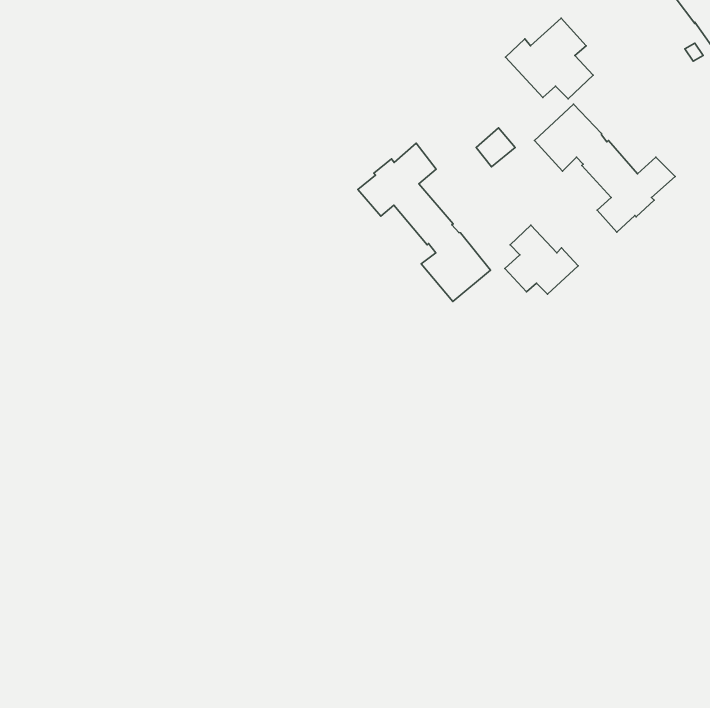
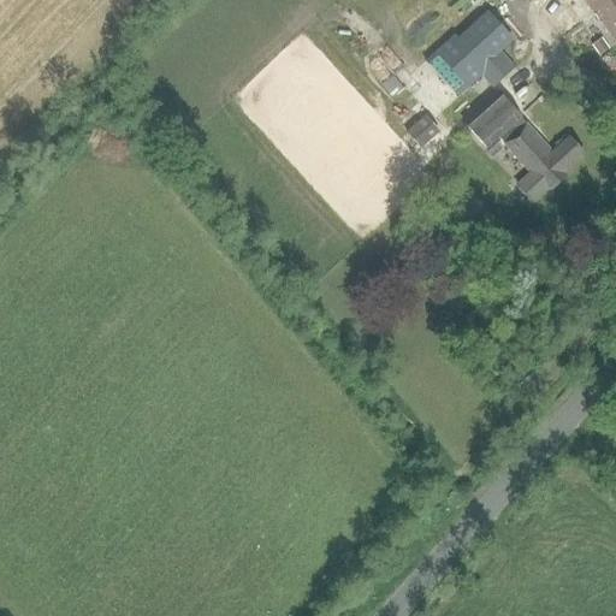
building: [358,143,491,301] -> none
building: [505,225,578,294] -> none

